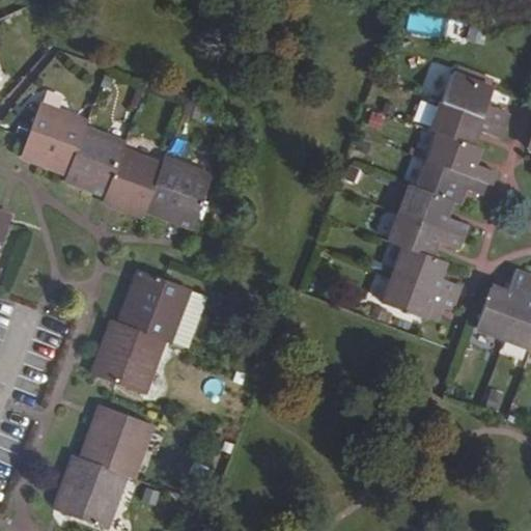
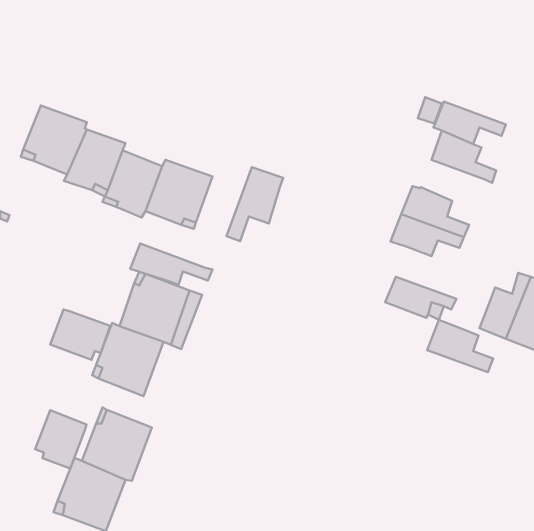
building: [441,72,507,123] -> none
building: [418,159,482,201] -> none
building: none -> [227,167,283,241]
building: none -> [130,243,212,285]
building: [393,245,458,297] -> [427,320,493,372]
building: none -> [50,309,110,360]
building: none -> [35,410,86,468]

